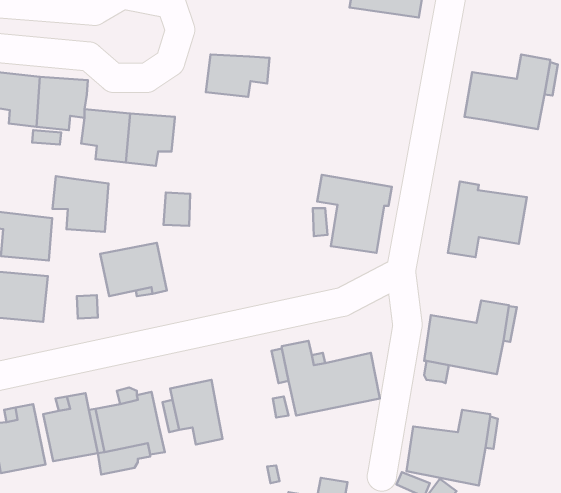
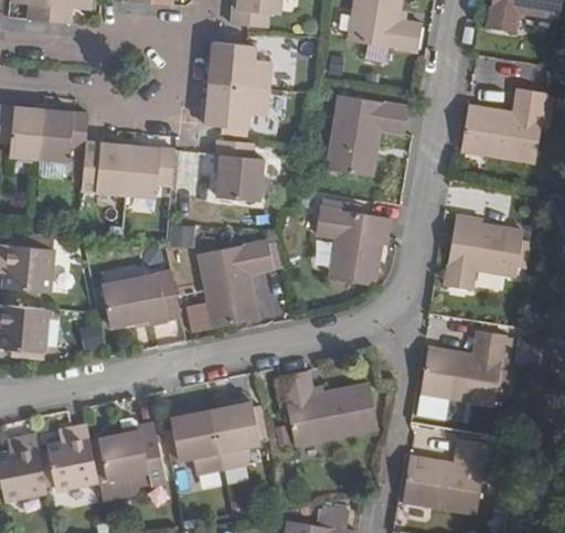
building: none -> [210,43,271,90]
building: none -> [328,96,408,177]
building: none -> [214,139,264,200]
building: [53,176,109,232] -> none
building: none -> [198,239,273,327]
building: none -> [211,401,258,468]

